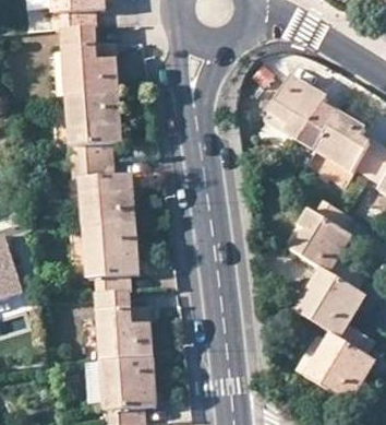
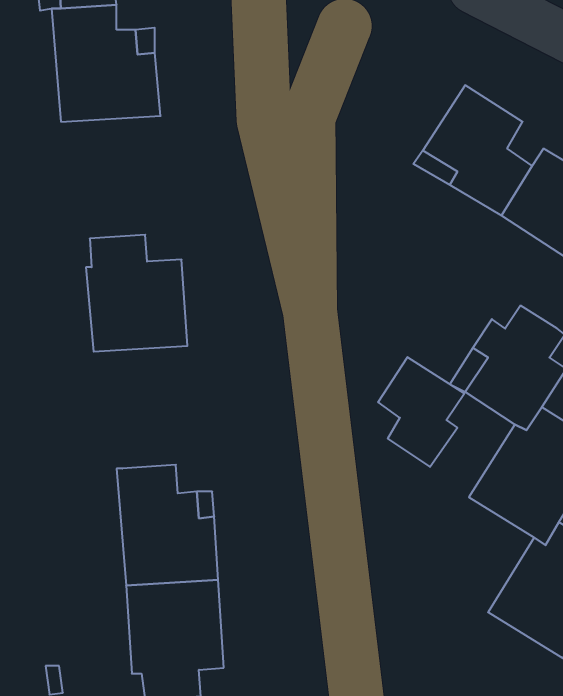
building: [63,93,123,163] -> none
building: [82,224,138,294] -> none
building: none -> [378,357,464,467]

